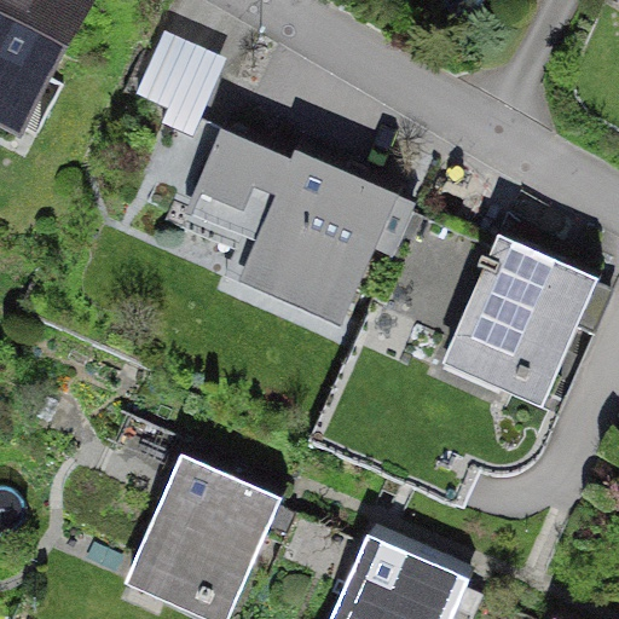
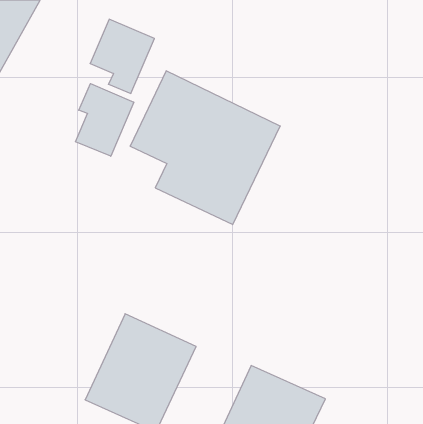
building: none -> [76,84,134,156]
building: [441,233,608,410] -> none

